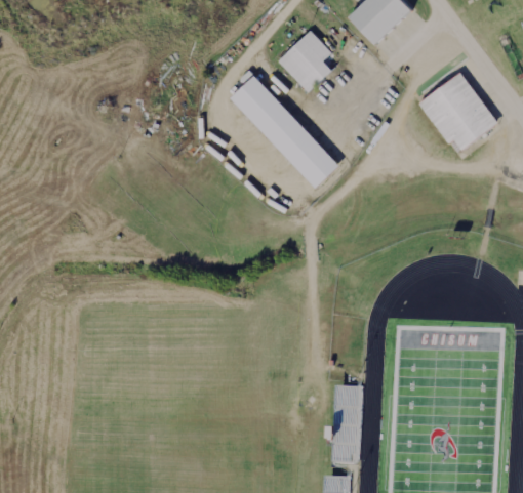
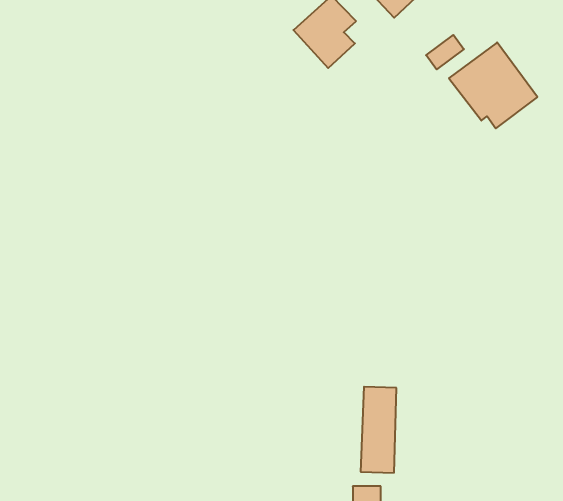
building: none -> [426,35,464,69]
building: [233,76,341,190] -> none

